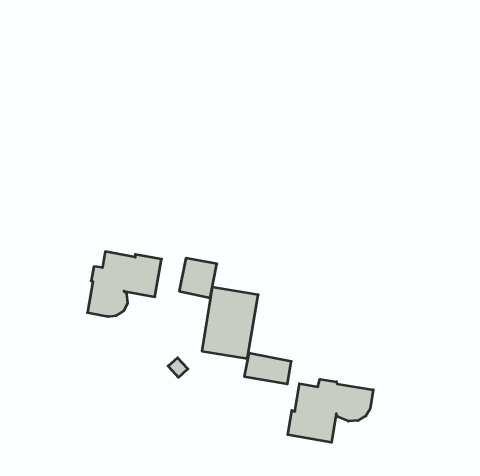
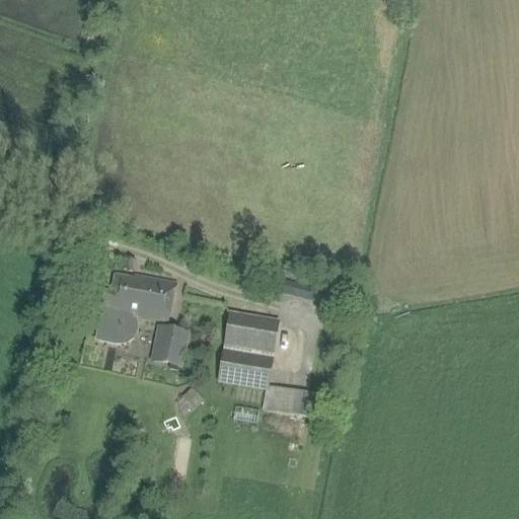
building: [179,258,217,298] -> [150,322,191,365]
building: [288,379,373,442] -> none

